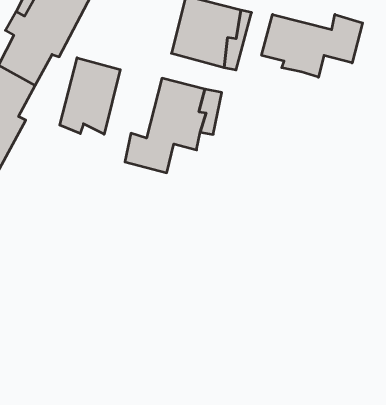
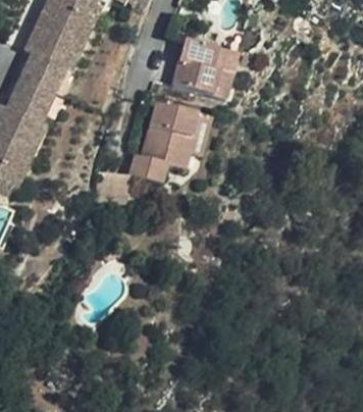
building: [262,14,363,77] -> none
building: [60,58,120,134] -> none

